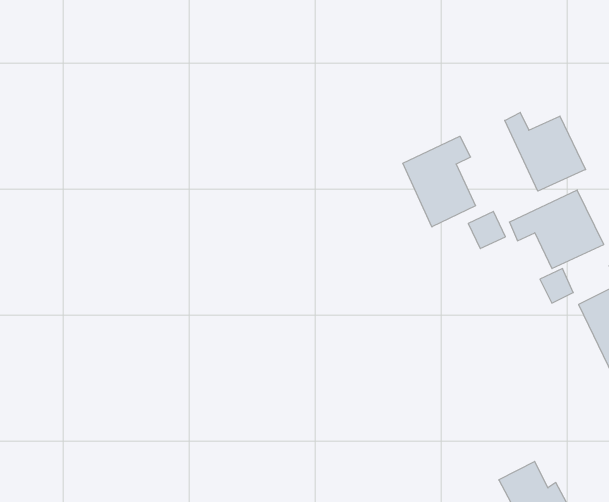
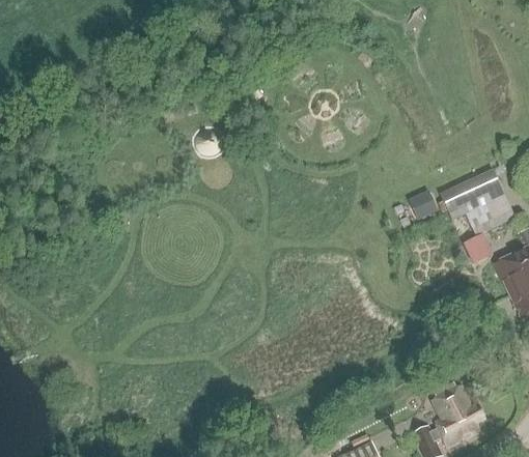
building: [505,112,586,191] -> none
building: [403,136,475,227] -> none

